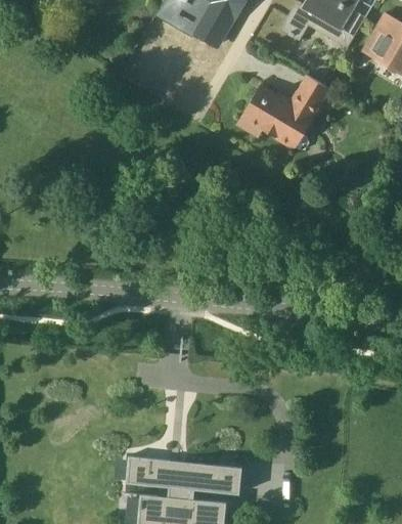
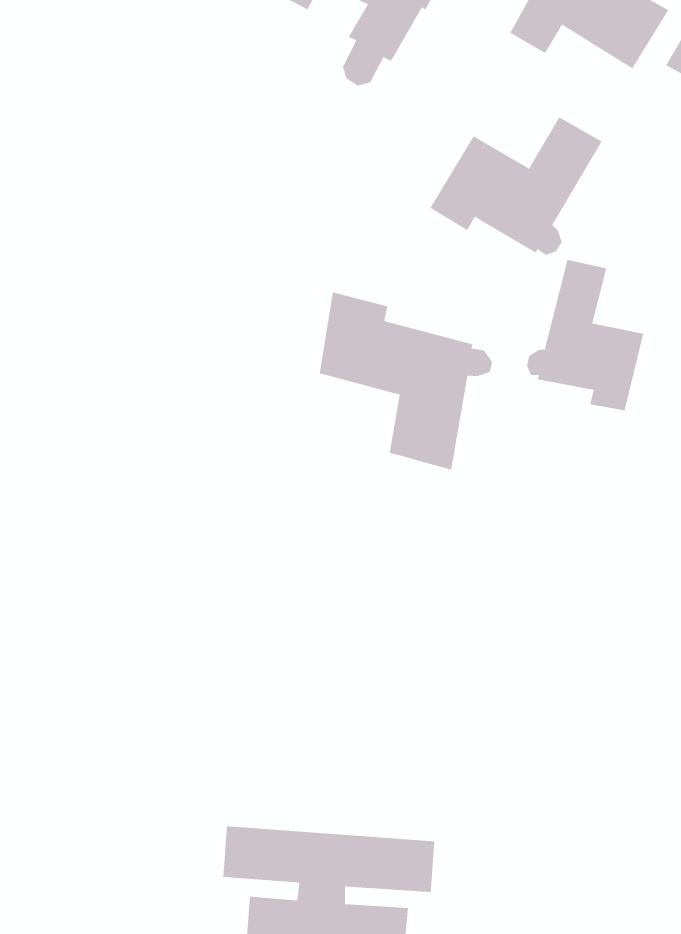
building: none -> [526,259,644,411]
building: none -> [319,291,492,471]

